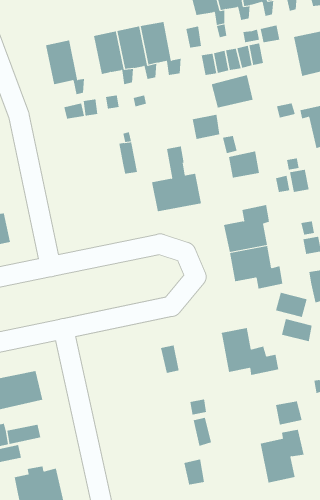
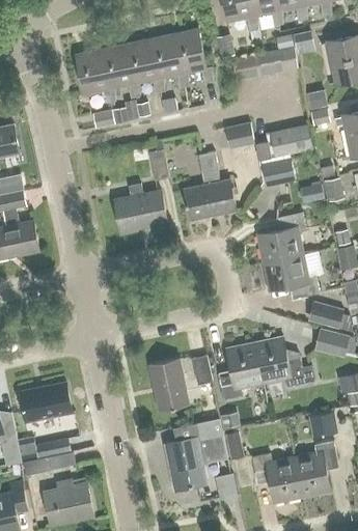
building: none -> [100,40,141,95]
building: [211,75,254,108] -> [269,123,312,158]
building: none -> [113,186,168,235]
building: none -> [218,344,261,399]
building: none -> [149,359,189,411]
building: none -> [166,420,227,490]
building: none -> [252,454,302,503]

